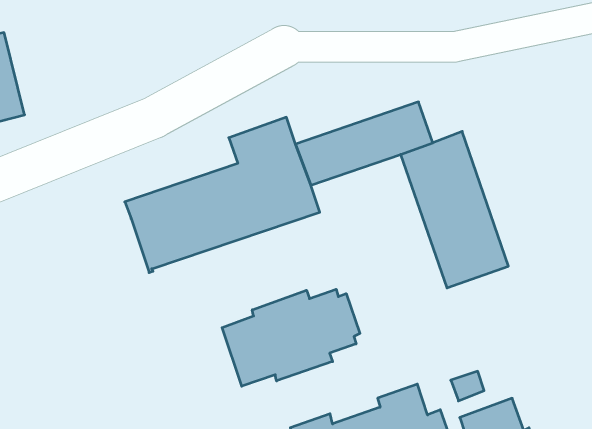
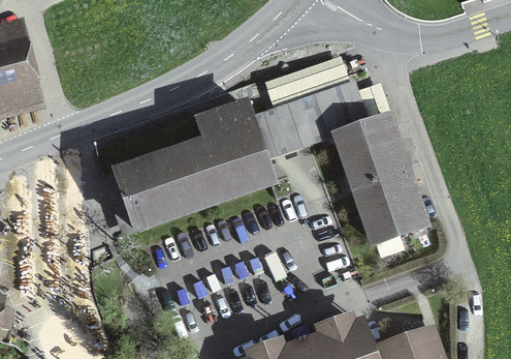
building: [222,289,360,386] -> none

